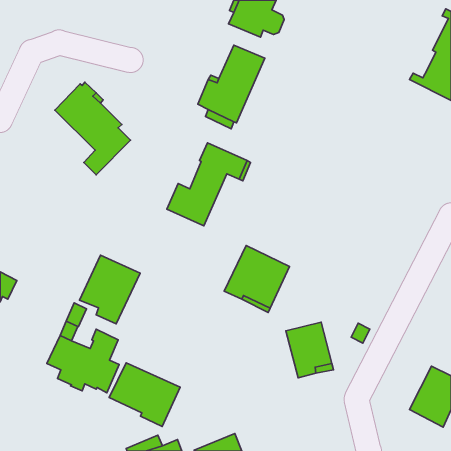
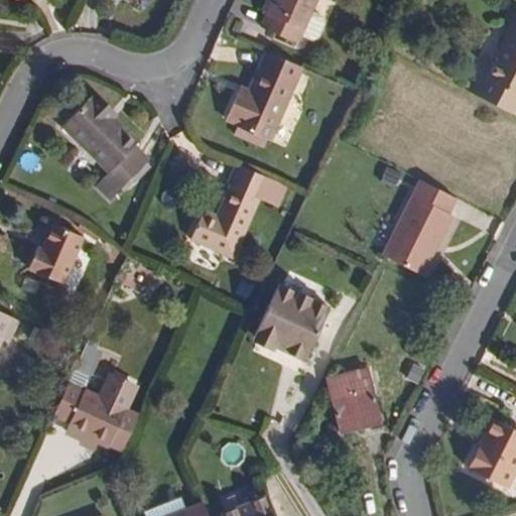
building: none -> [377,191,450,286]
building: none -> [28,224,83,283]
building: [80,255,140,324] -> none
building: [109,363,180,426] -> none

